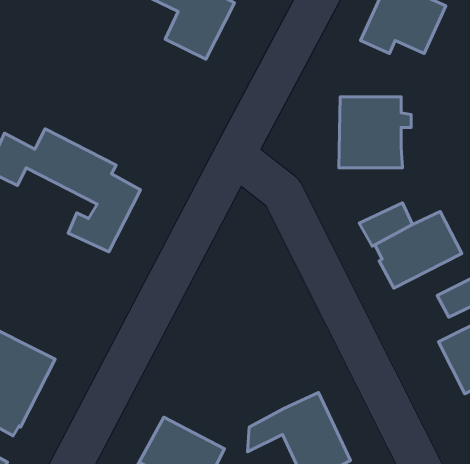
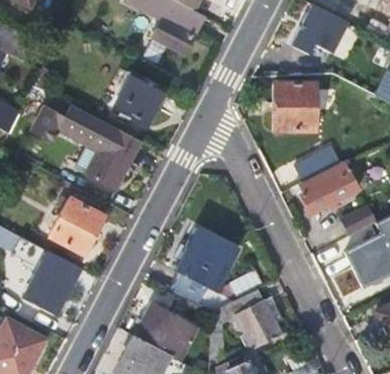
building: none -> [114,75,164,125]
building: none -> [46,197,101,254]
building: none -> [173,228,237,312]

